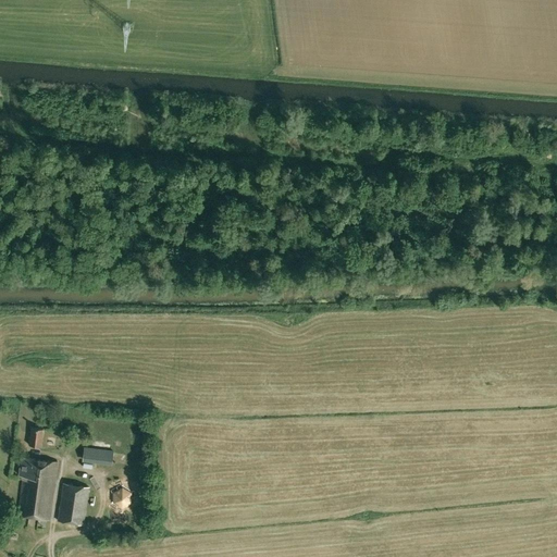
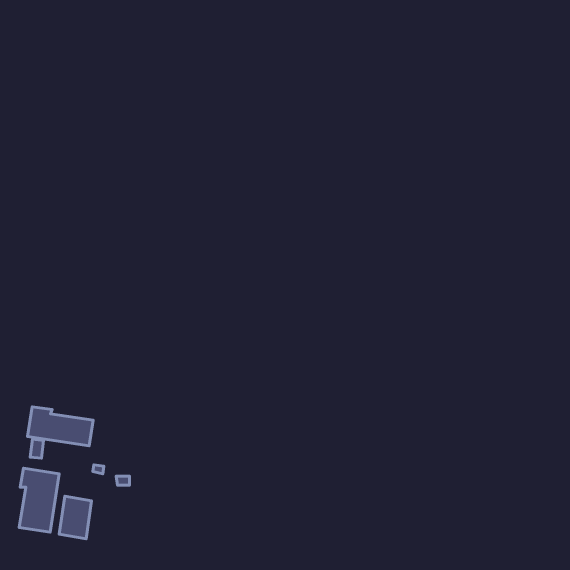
building: none -> [28,407,93,446]

